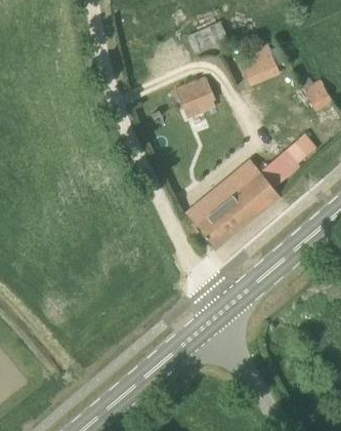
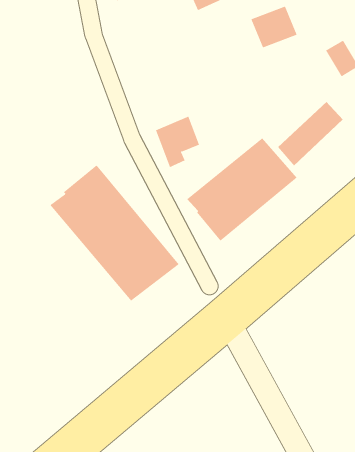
building: [177,76,215,120] -> [155,116,200,168]
building: none -> [50,164,179,302]

